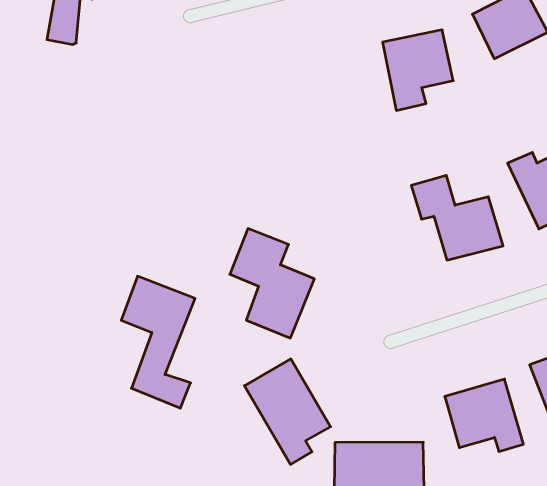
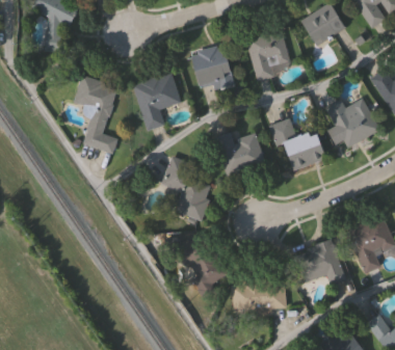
building: none -> [191,46,234,87]
building: none -> [134,73,182,131]
building: none -> [215,133,266,176]
building: [121,276,195,408] -> [75,75,118,153]

